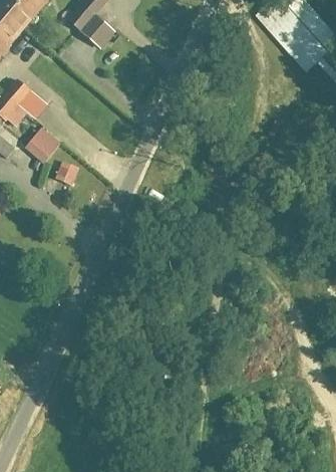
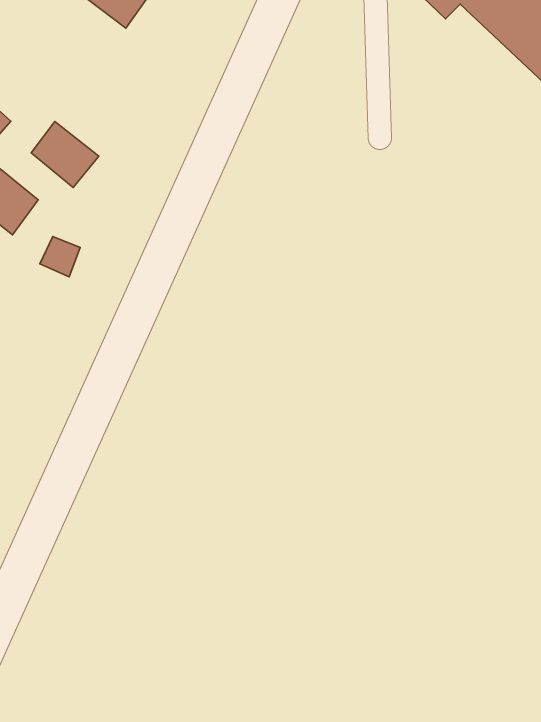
building: none -> [31,122,99,188]

